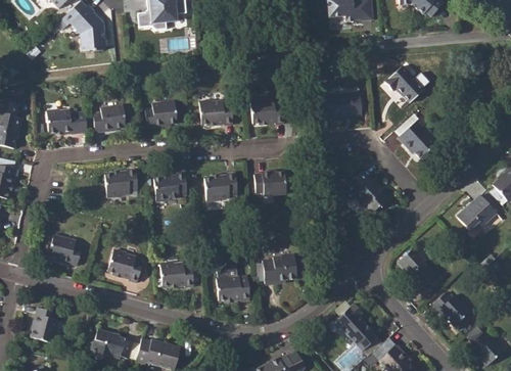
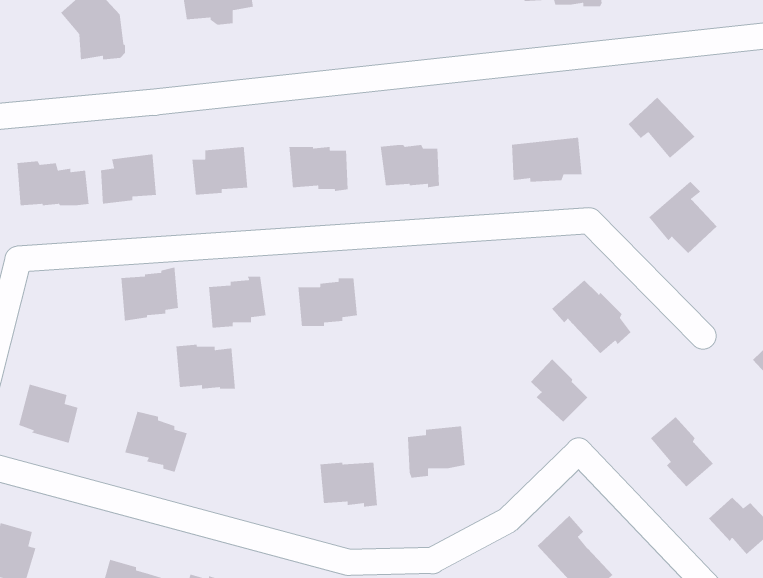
building: [252,170,285,195] -> none
building: none -> [530,359,588,422]
building: [158,260,192,285] -> [175,344,236,390]

